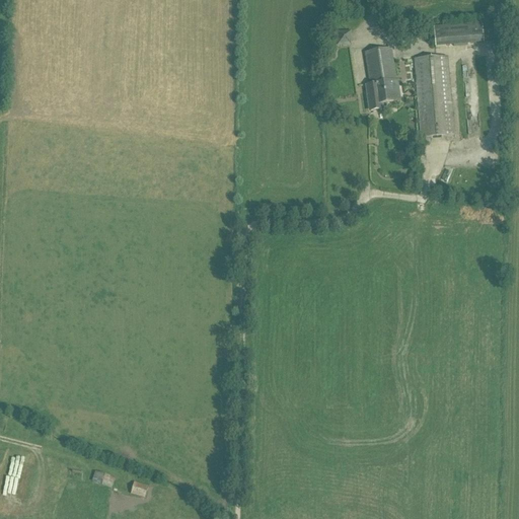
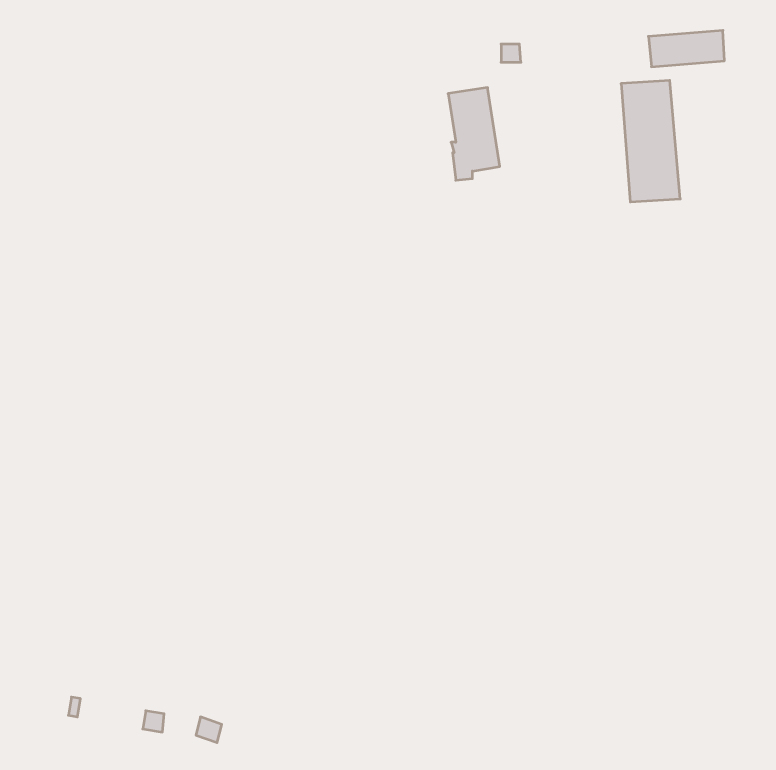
building: [365,46,399,107] -> [448,88,500,180]

